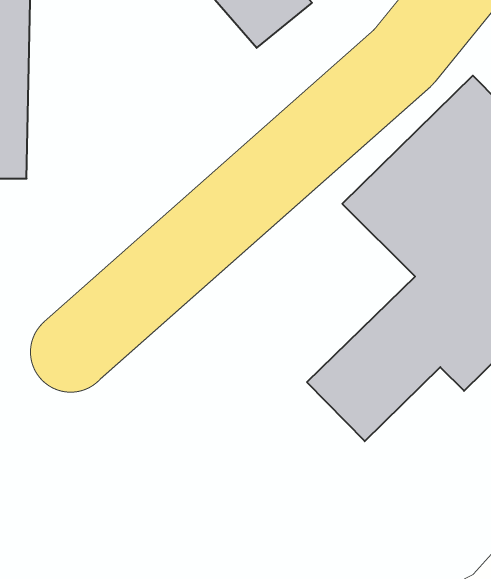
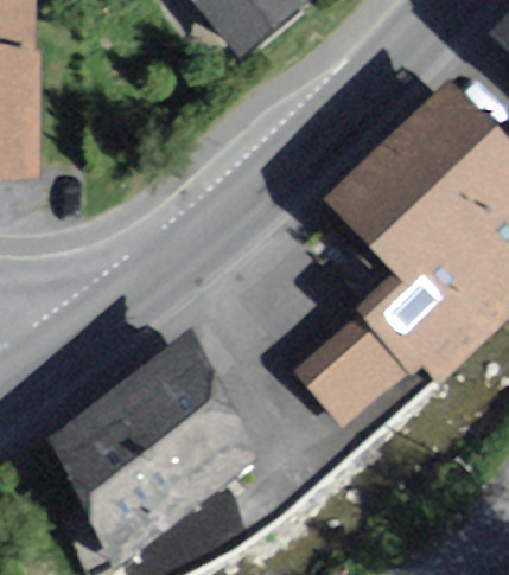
building: none -> [56,345,250,532]

